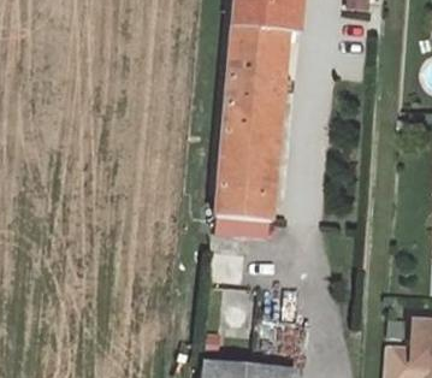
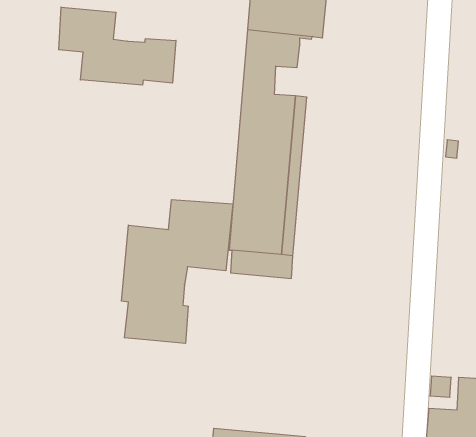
building: none -> [59,7,176,85]
building: none -> [121,200,233,343]

